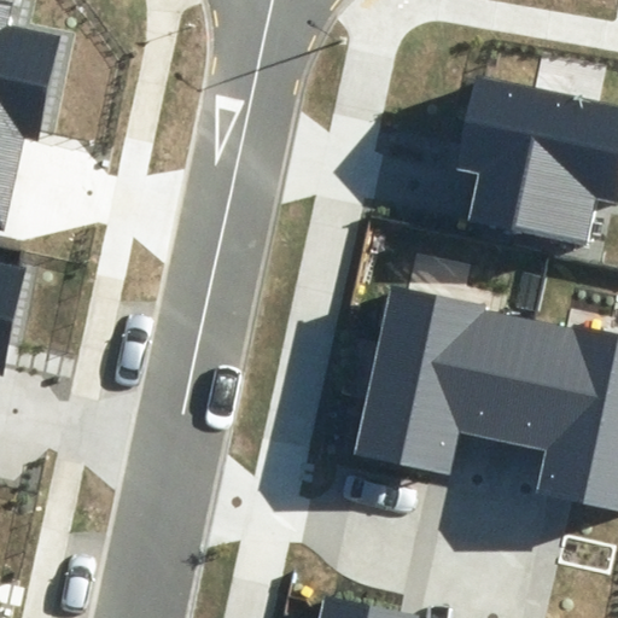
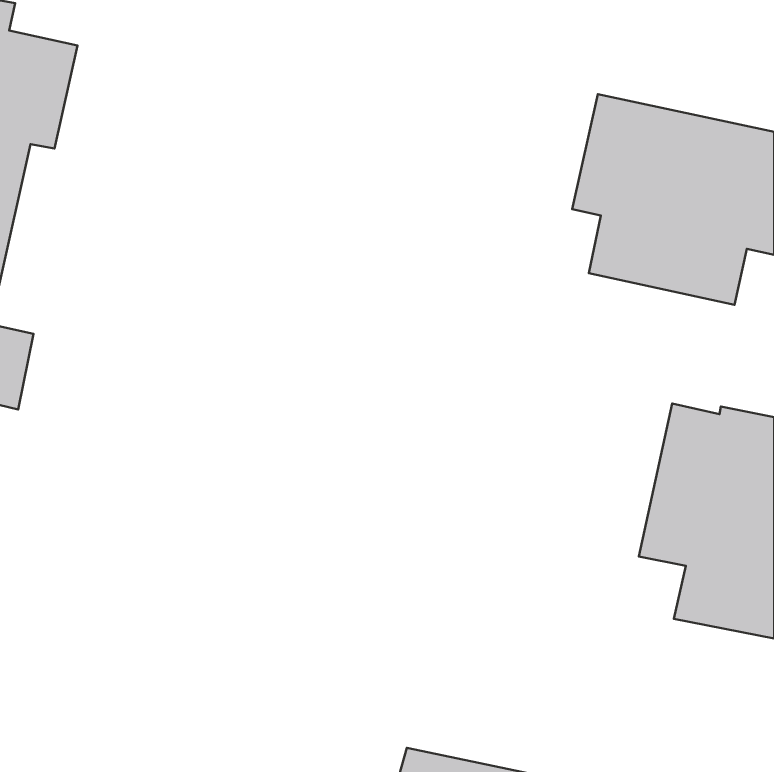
building: [352,286,535,477] -> none

